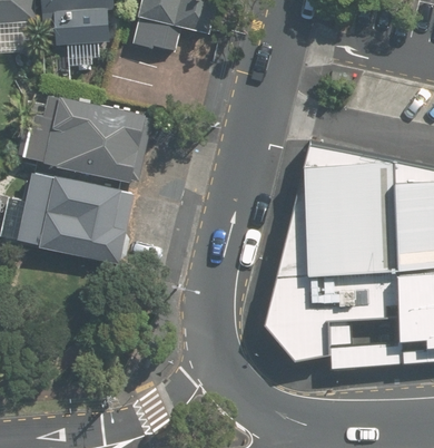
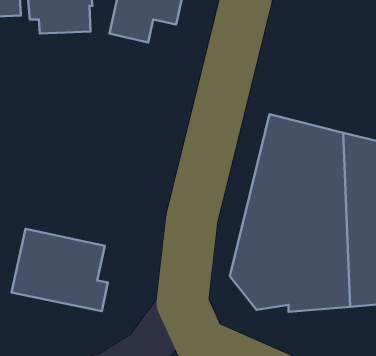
building: [26,95,146,182] -> none
building: [17,169,125,262] -> [12,229,108,311]

